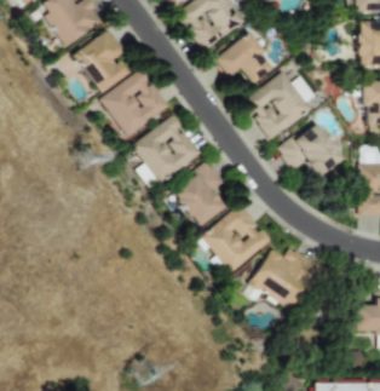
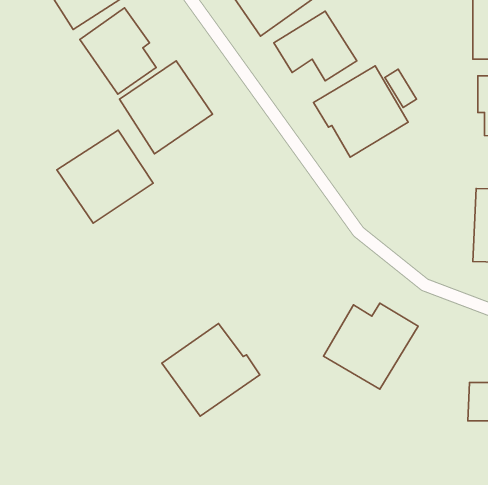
building: [131,115,201,183] -> [57,130,153,223]
building: [278,122,344,177] -> none
building: [171,163,224,226] -> none
building: [201,205,272,272] -> [162,323,260,416]

